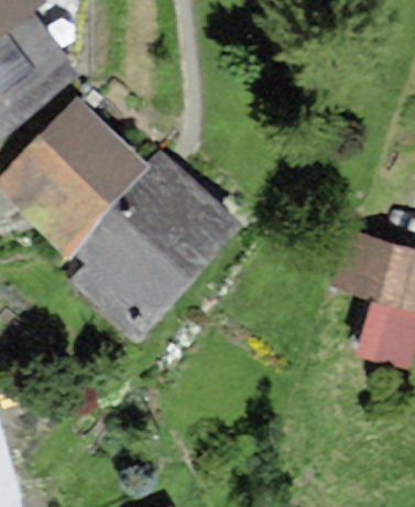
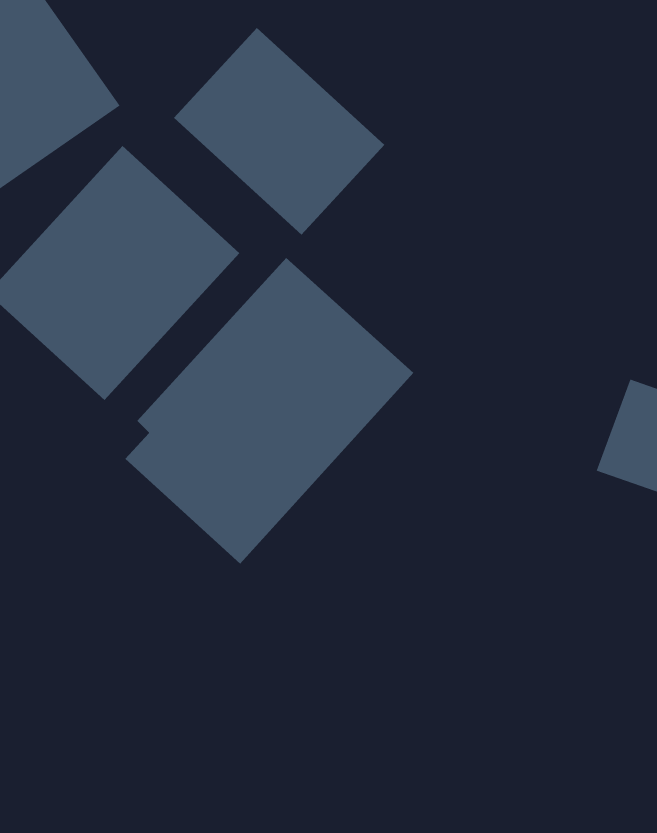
building: none -> [173,27,385,236]

